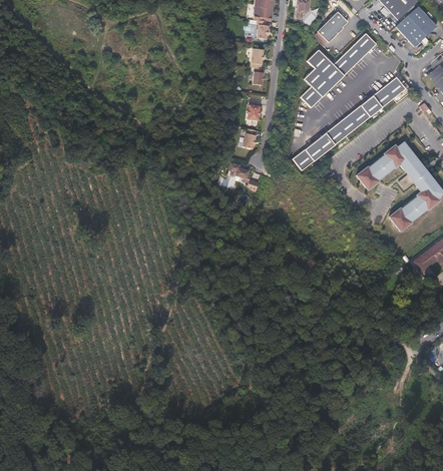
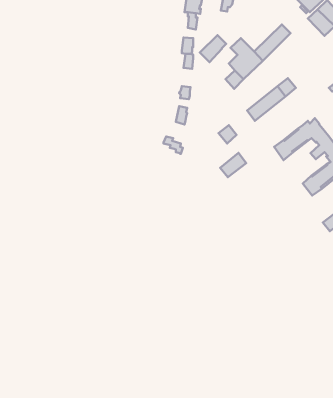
building: [318,11,348,42] -> [200,35,226,62]
building: [373,77,405,106] -> none
building: [305,132,335,160] -> [220,153,246,177]

